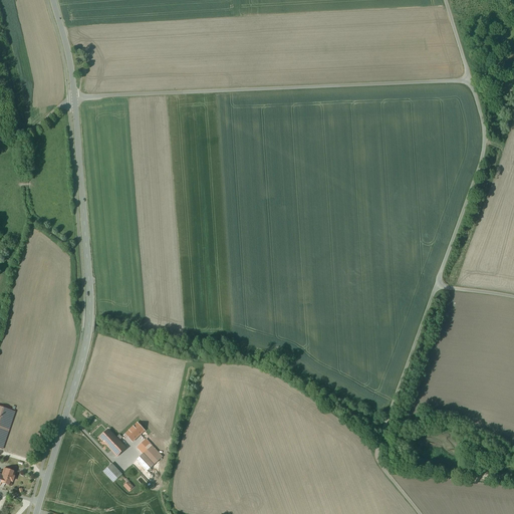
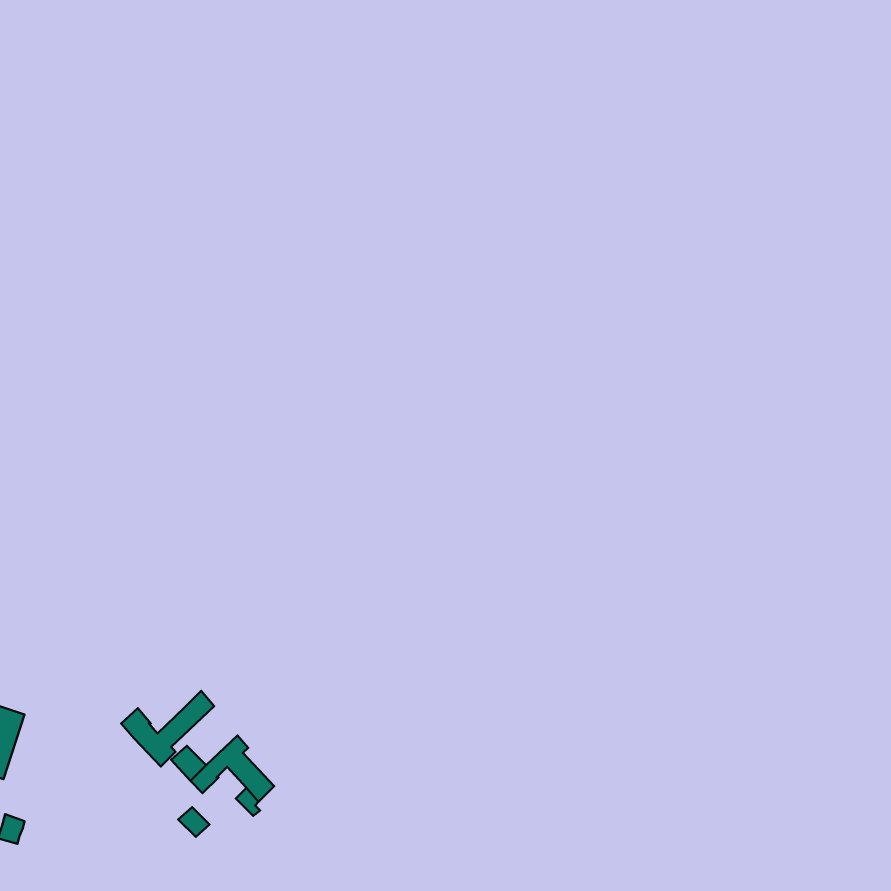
building: none -> [121,691,214,767]

